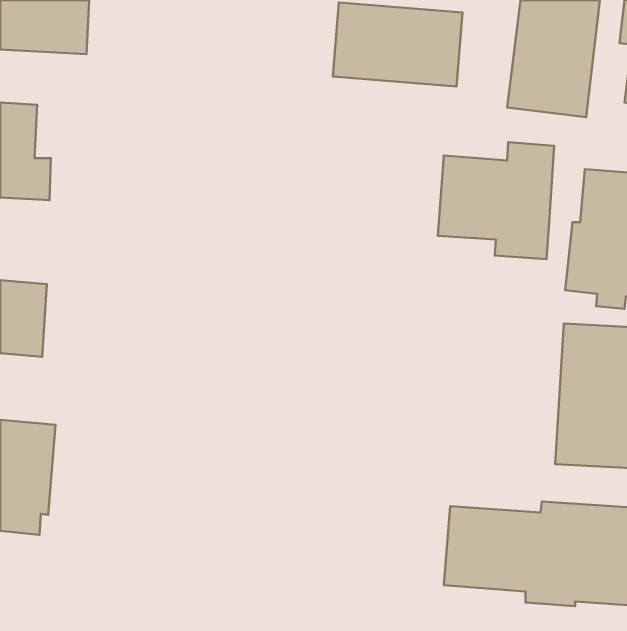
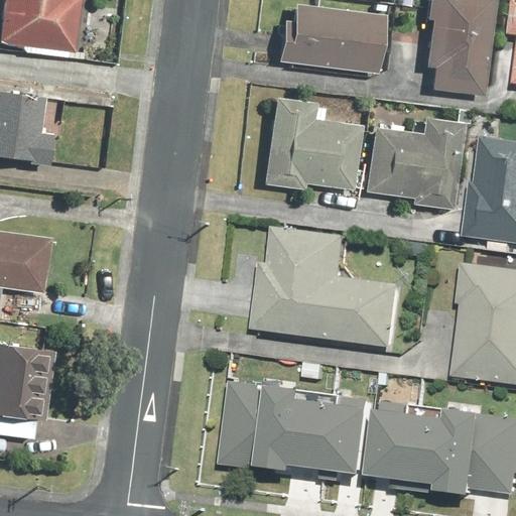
building: none -> [260,96,357,187]
building: none -> [252,225,405,350]
building: none -> [219,382,369,477]

